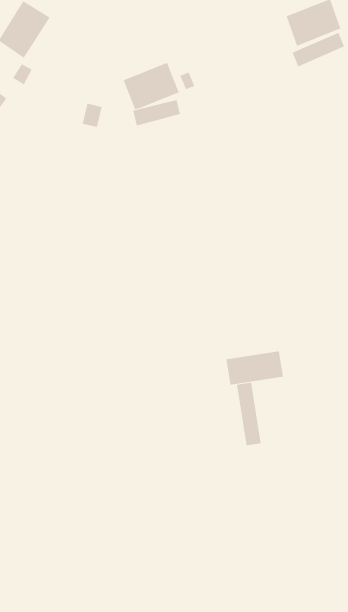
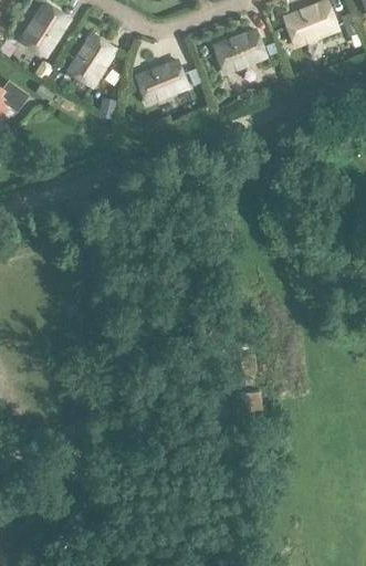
building: none -> [212,28,264,71]
building: none -> [57,31,115,84]
building: [226,350,284,385] -> none

